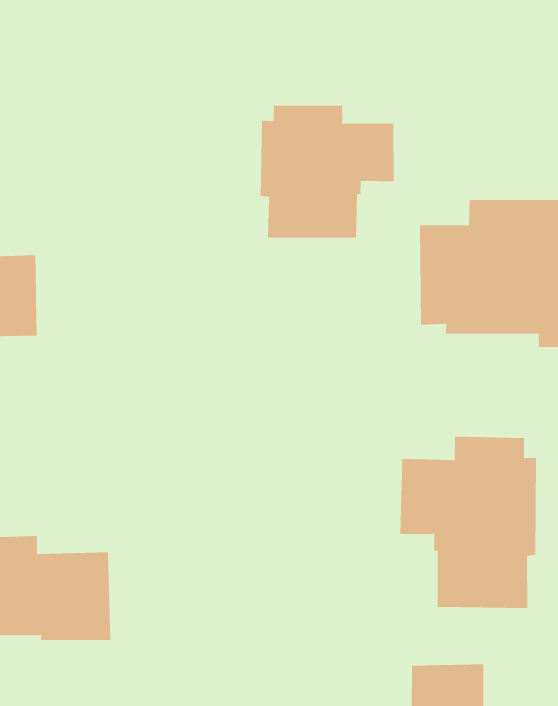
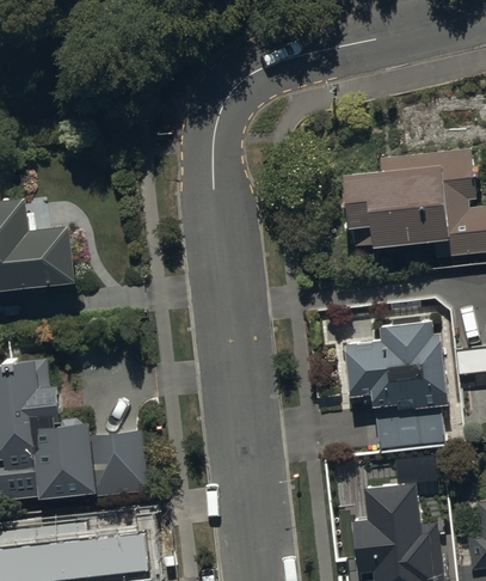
building: [260,105,394,239] -> none

